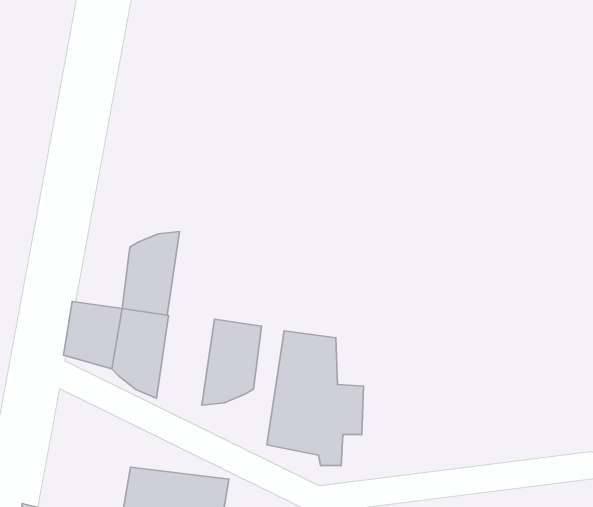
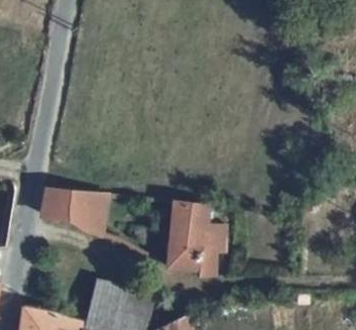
building: [122,231,180,315] -> none
building: [202,319,262,405] -> none

